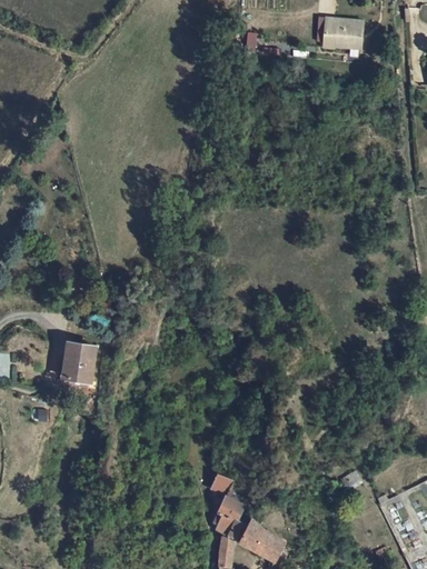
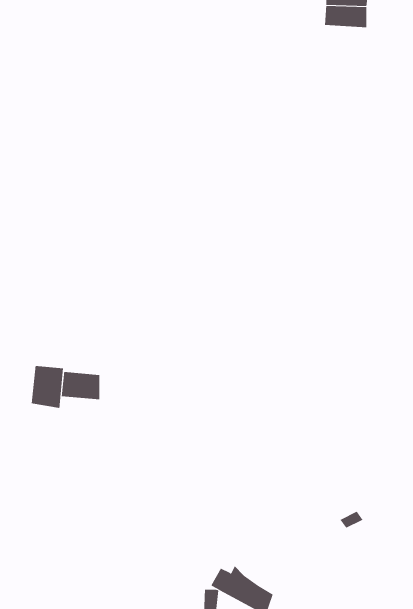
building: none -> [61,371,100,400]
building: [208,471,239,538] -> none

